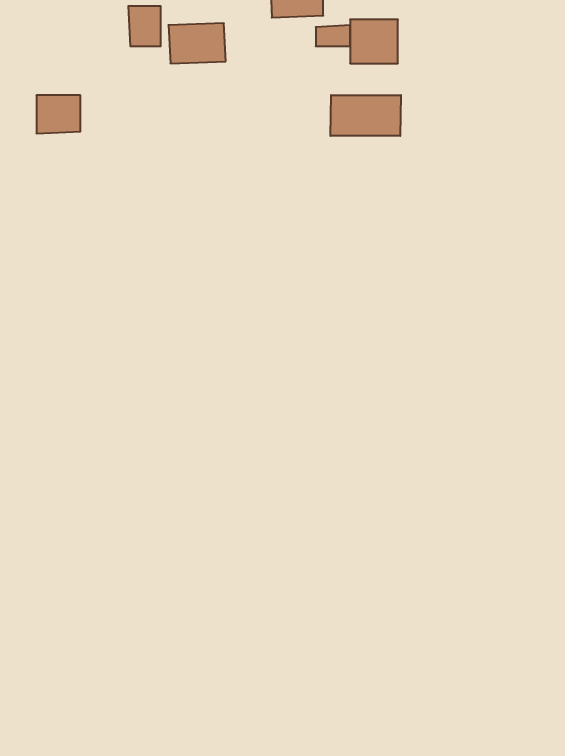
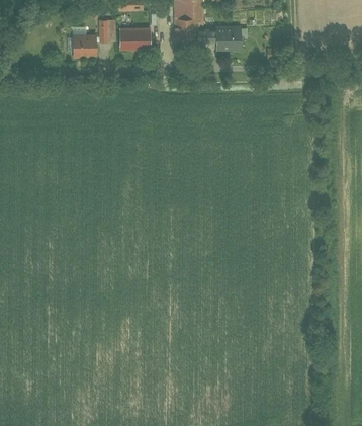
building: [330,95,401,136] -> none
building: [36,95,80,133] -> [73,37,96,58]

